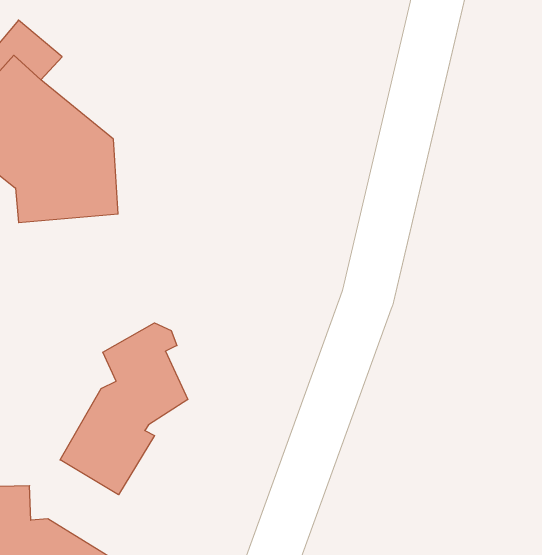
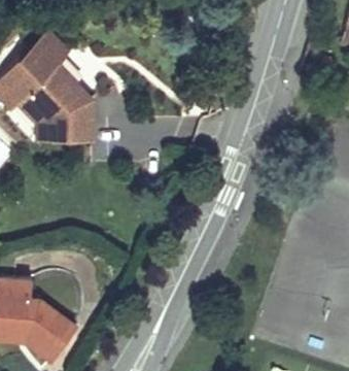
building: [60,323,188,495] -> none

